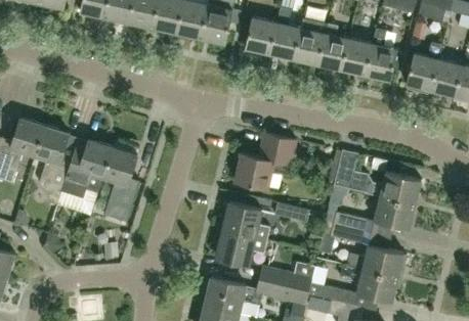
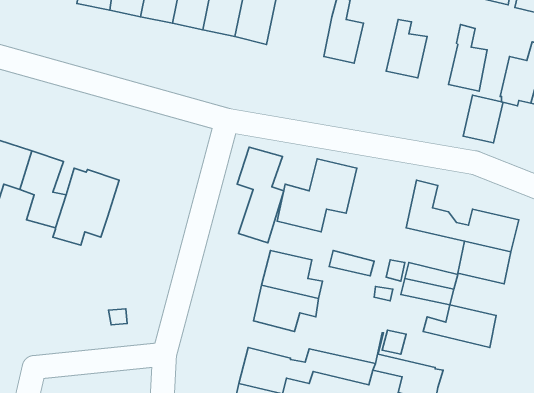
building: [246,17,276,53] -> none
building: [294,18,328,64] -> none
building: [343,38,374,75] -> [463,95,503,143]
building: [103,148,139,222] -> [237,147,284,243]
building: [259,262,315,289] -> none
building: [340,264,398,302] -> none

